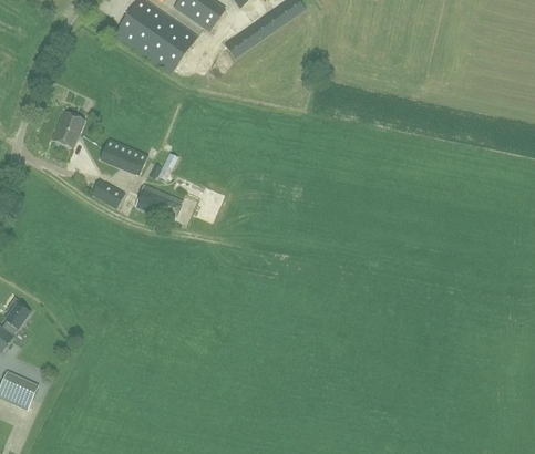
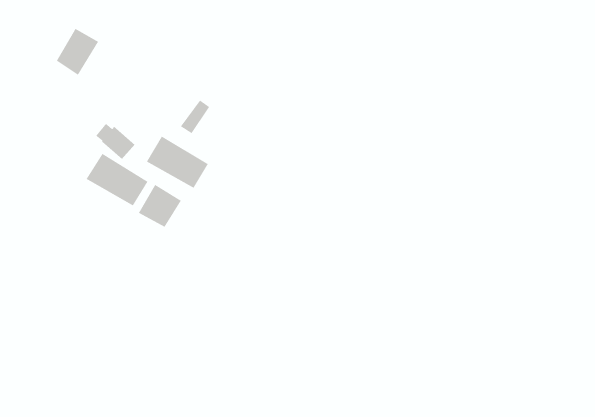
building: [99,137,147,175] -> [85,153,148,206]
building: none -> [138,184,182,228]

